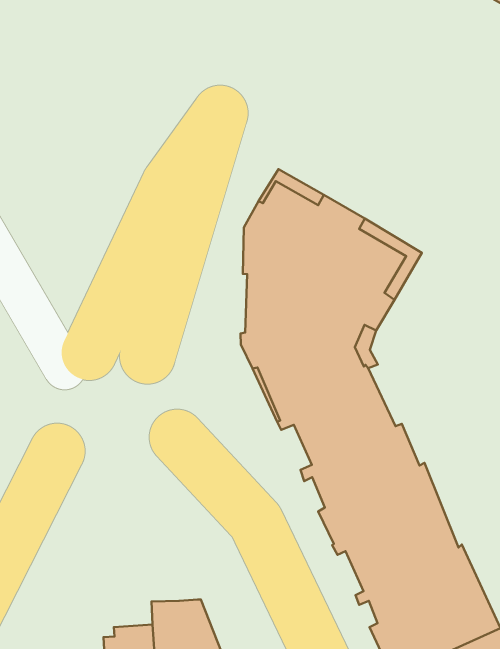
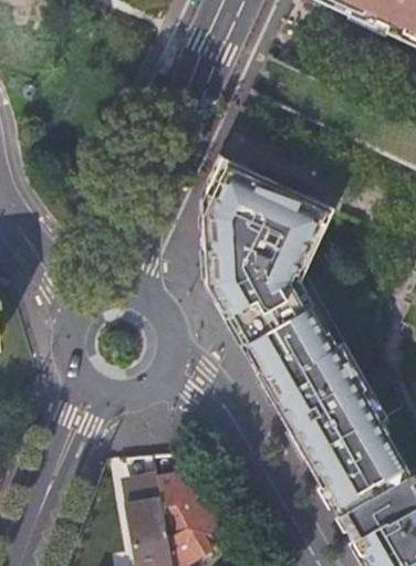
building: none -> [124,460,162,510]

